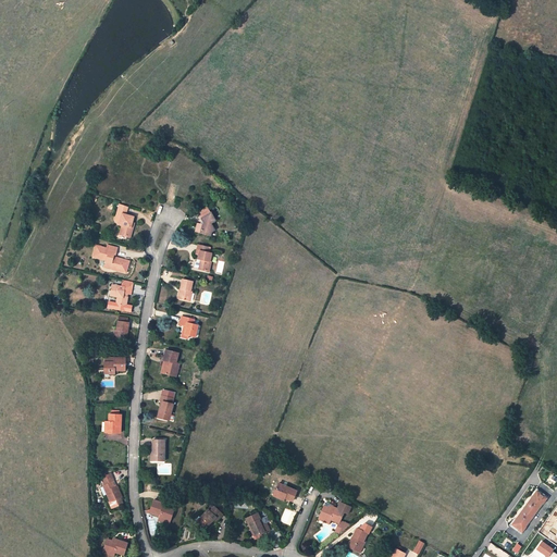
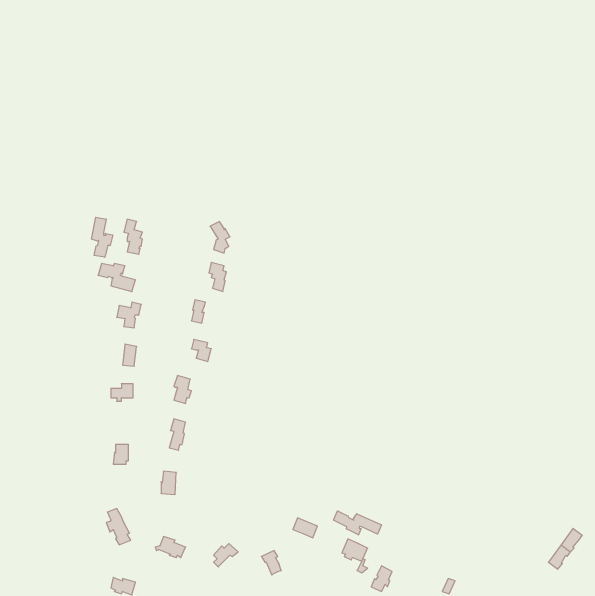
building: none -> [91,217,113,257]
building: none -> [334,511,381,535]

